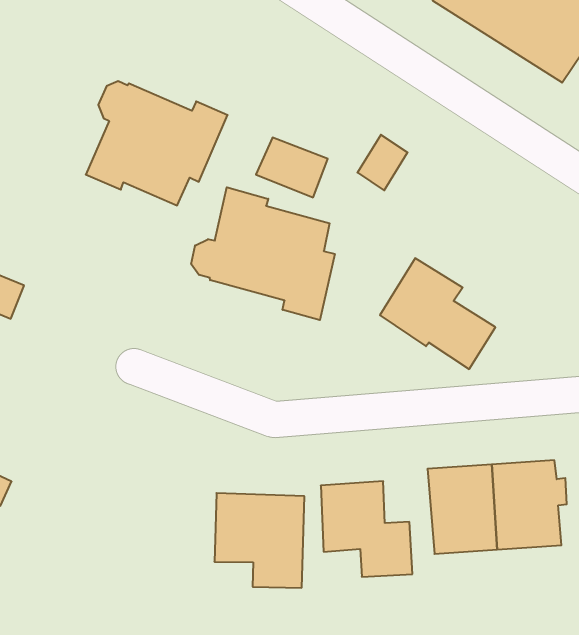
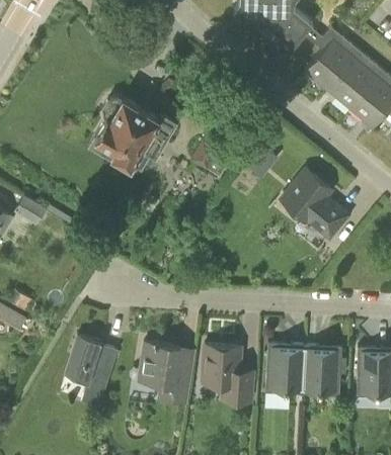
building: [191,187,335,320] -> none
building: [380,258,495,369] -> [281,170,346,238]
building: none -> [65,335,118,406]

